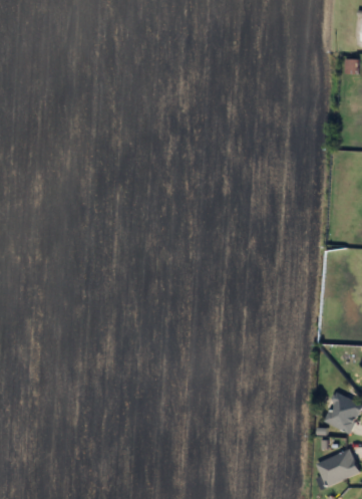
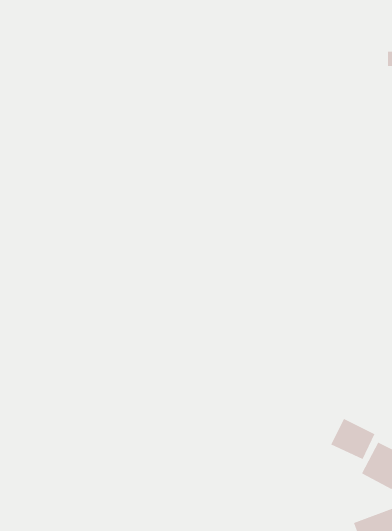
building: none -> [331,418,375,460]

